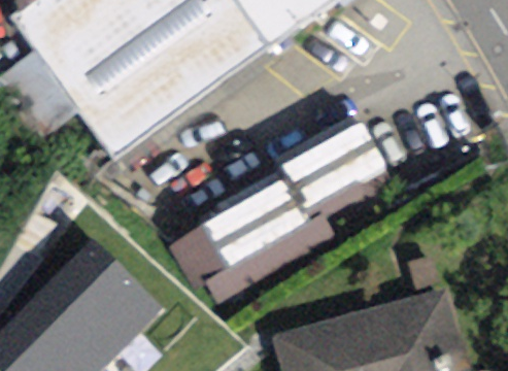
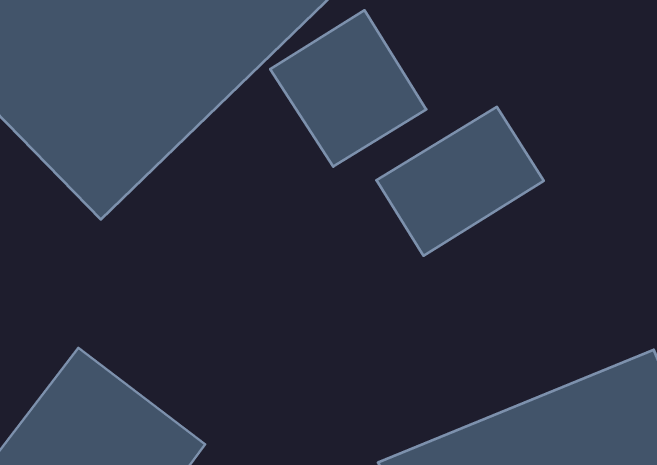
building: none -> [270,10,426,167]
building: [180,173,329,300] -> none

